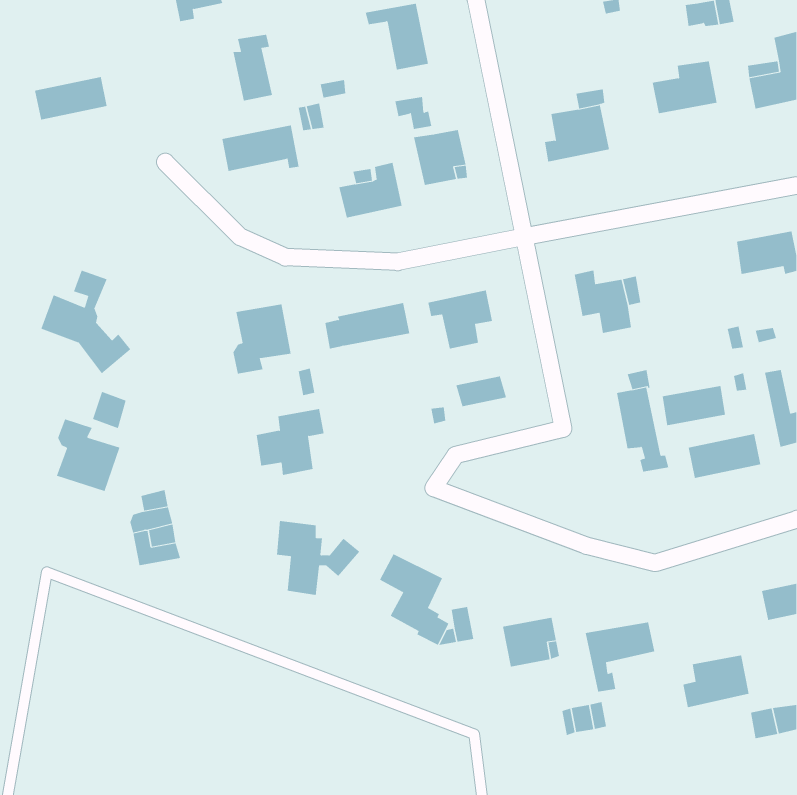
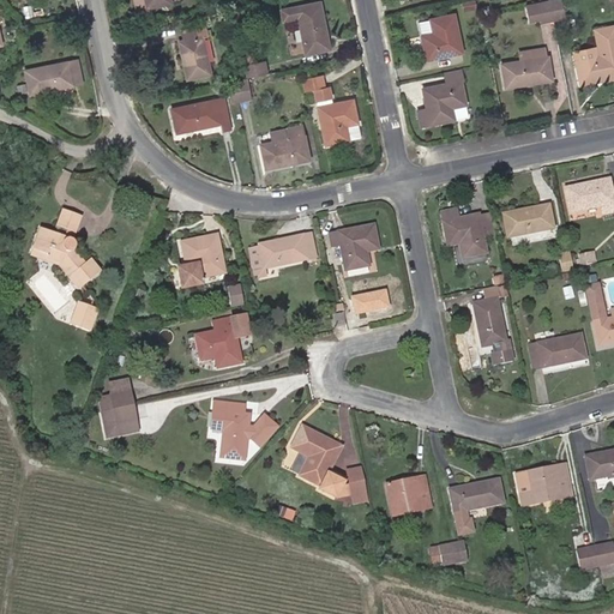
building: none -> [420,13,463,59]
building: [662,385,726,426] -> [504,204,553,235]
building: [56,418,120,492] -> none
building: [682,655,750,708] -> [519,464,571,505]

